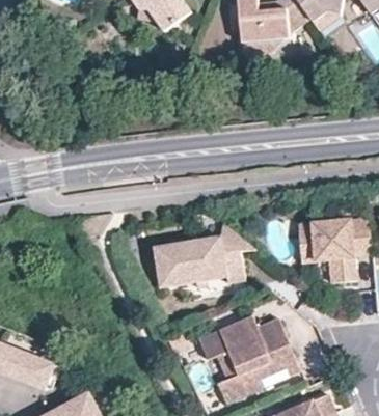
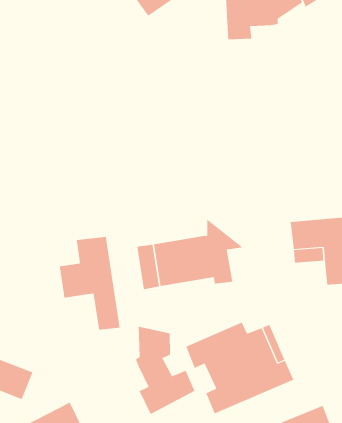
building: none -> [59,236,120,330]
building: none -> [135,326,195,415]

